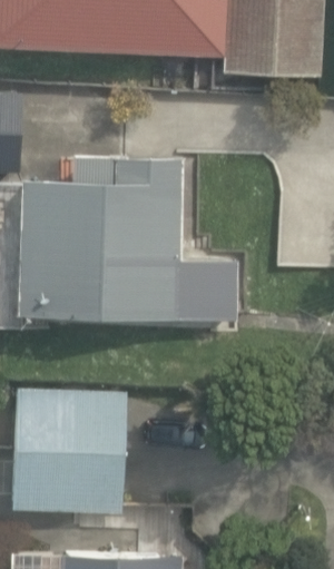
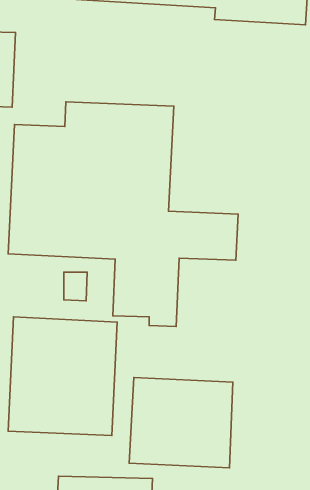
building: none -> [129,378,233,468]

